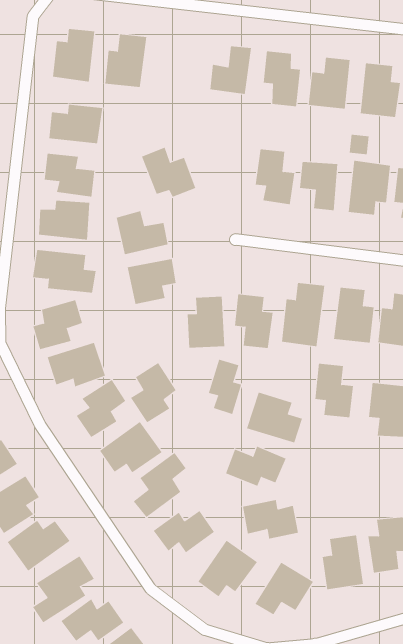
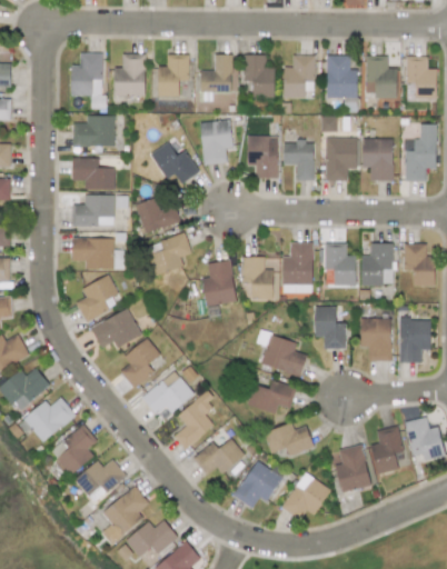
building: none -> [157,53,189,97]
building: none -> [201,120,232,163]
building: [208,359,242,415] -> none
building: [130,362,177,423] -> none

